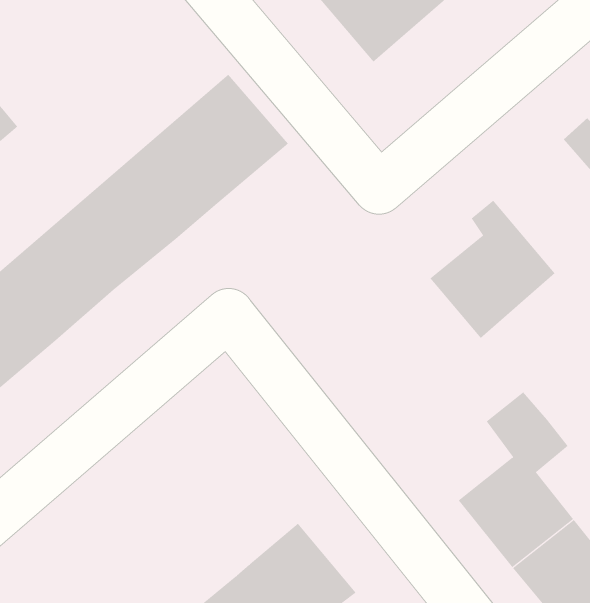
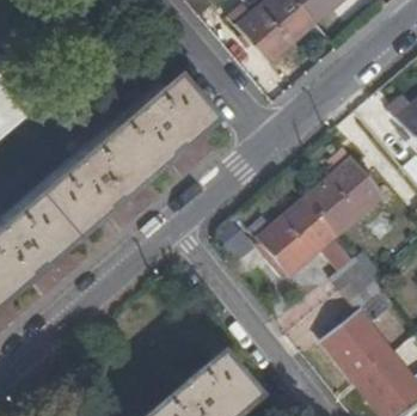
building: none -> [250,200,364,290]

